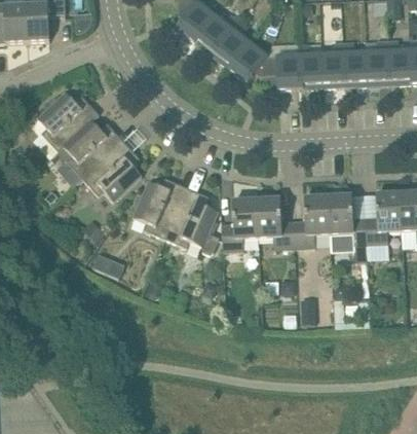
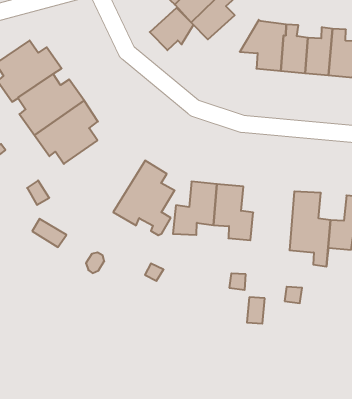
building: [228,41,267,81] -> [150,8,193,50]
building: [131,177,186,238] -> none
building: [292,195,330,250] -> none

